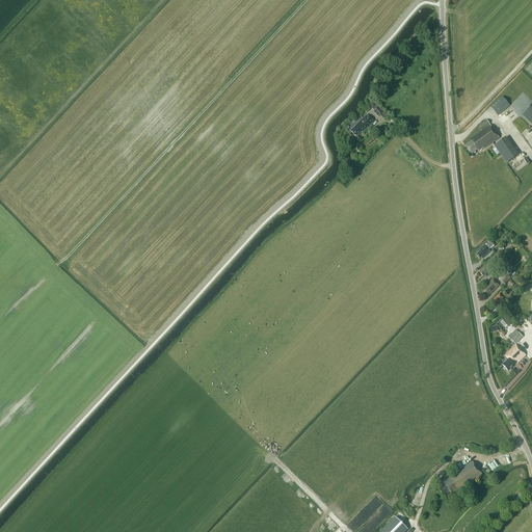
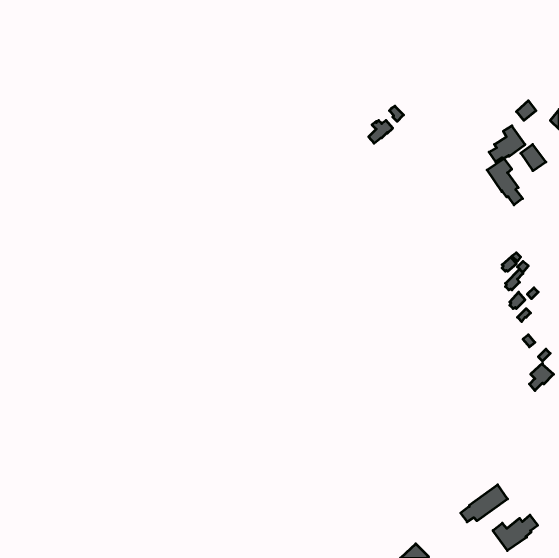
building: none -> [487,158,523,205]
building: none -> [493,515,538,551]

